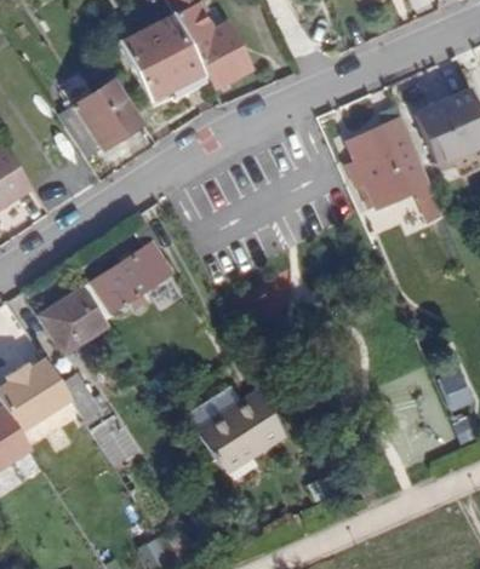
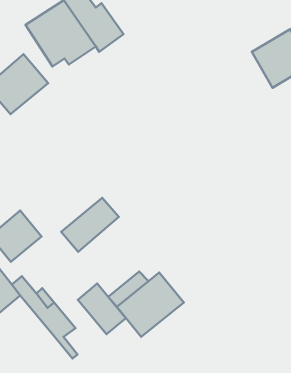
building: [349,117,436,207] -> none
building: [92,243,171,311] -> [61,198,119,252]
building: none -> [78,284,126,334]

